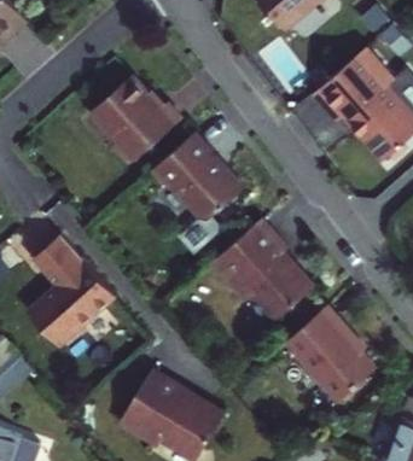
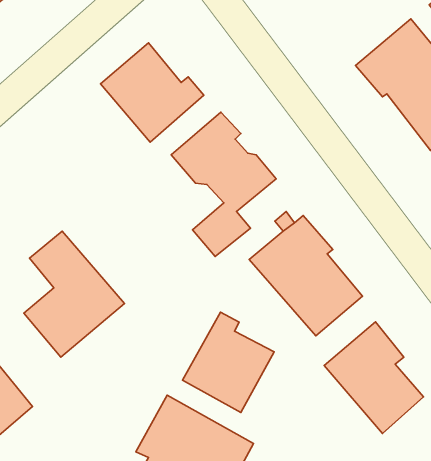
building: none -> [182,312,274,412]

